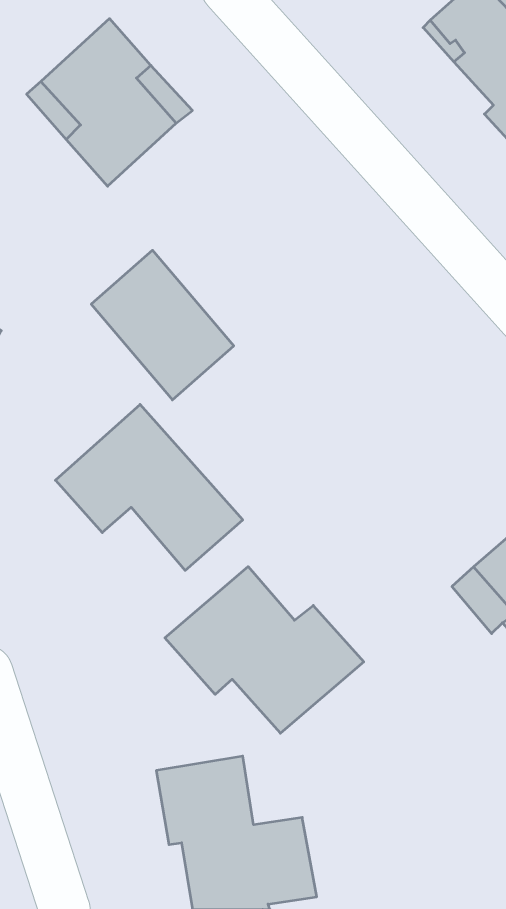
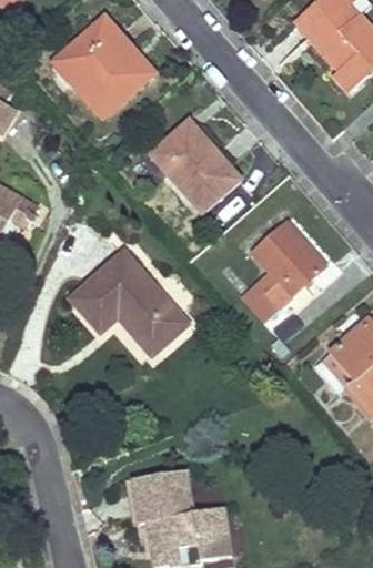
building: [91,250,234,400] -> [151,120,239,212]
building: none -> [244,220,325,318]
building: [165,567,364,733] -> none

